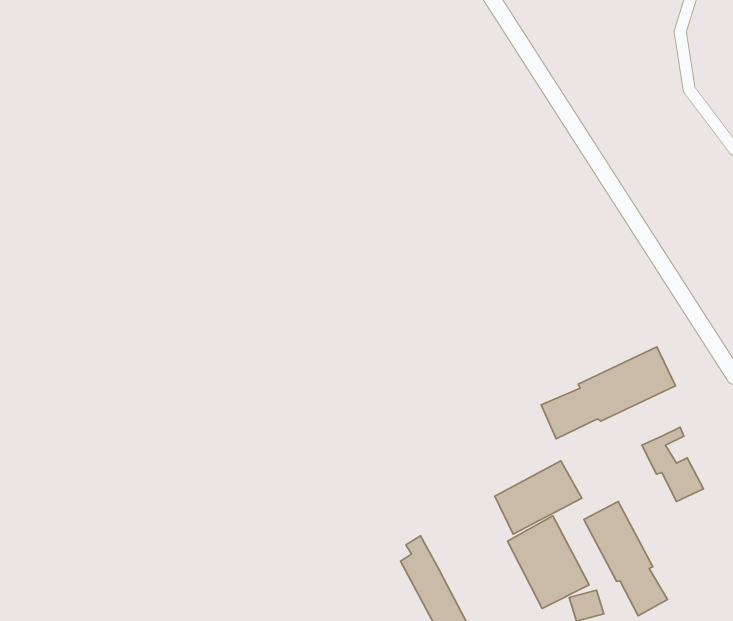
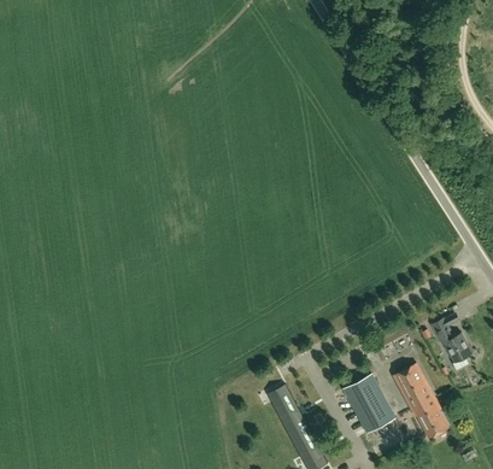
building: [541,347,675,439] -> none
building: [495,461,582,534] -> none

